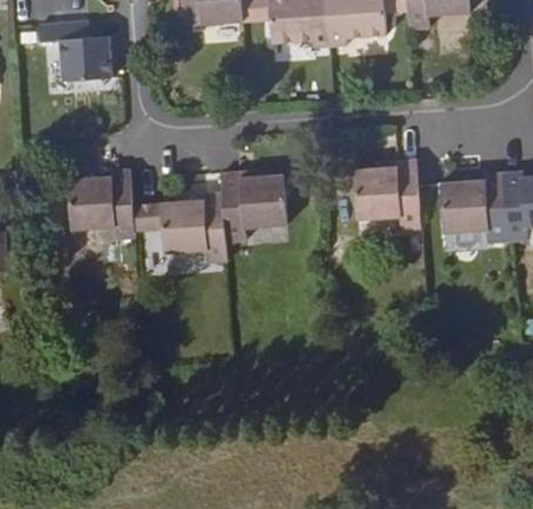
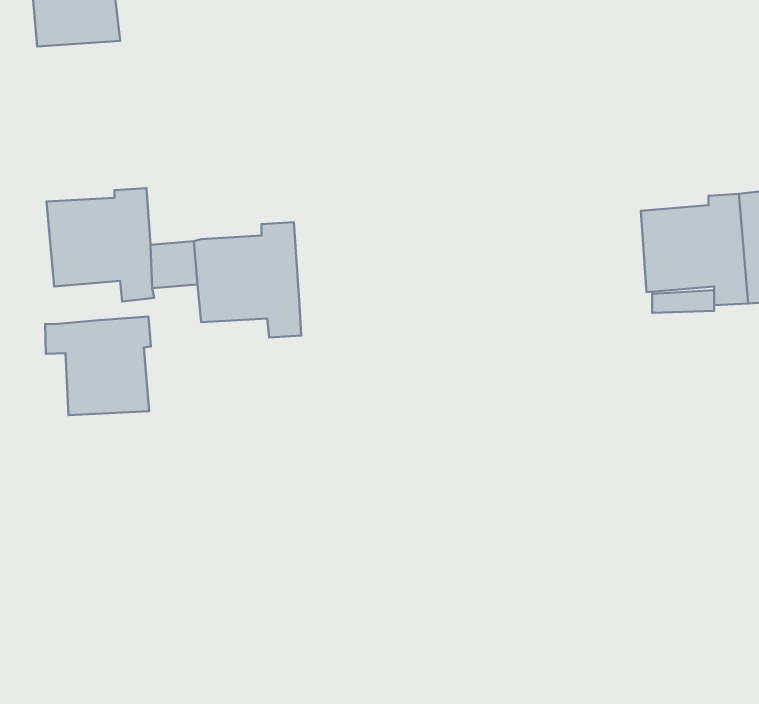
building: [353,160,420,230] -> none
building: [221,172,288,243] -> none
building: none -> [45,317,151,415]

